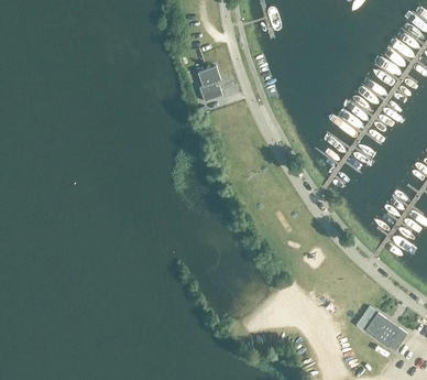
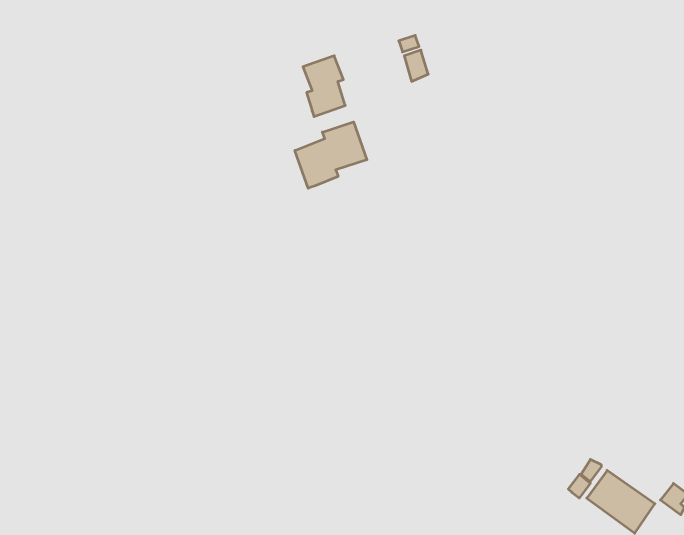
building: none -> [295,122,367,188]

